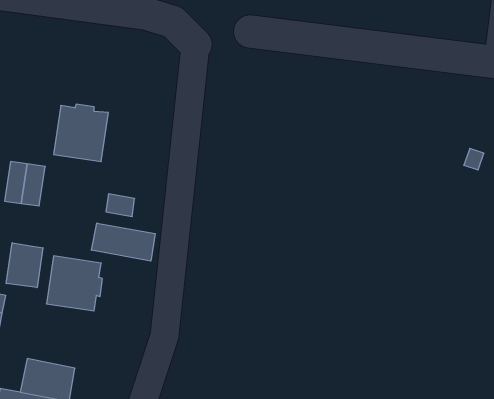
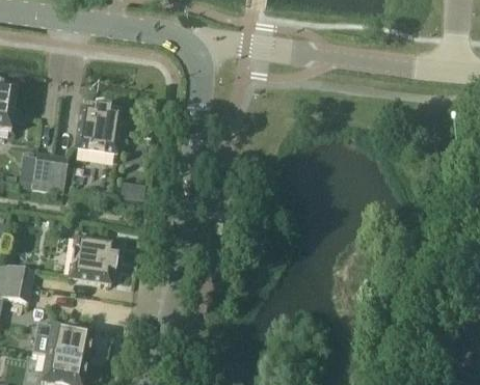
building: [91,223,155,261] -> none
building: [6,243,43,288] -> none

